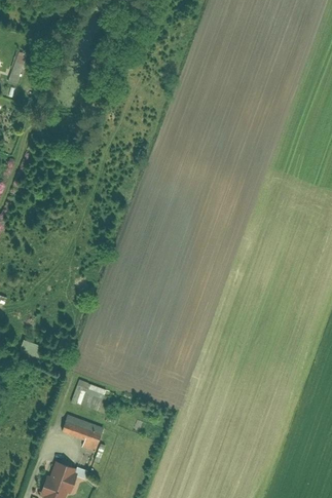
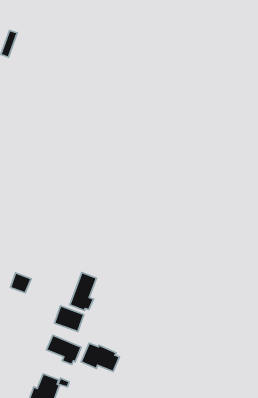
building: none -> [70,273,97,310]
building: none -> [81,343,120,372]

